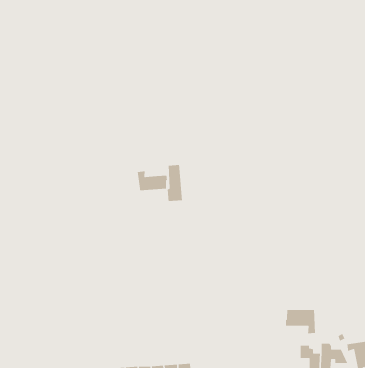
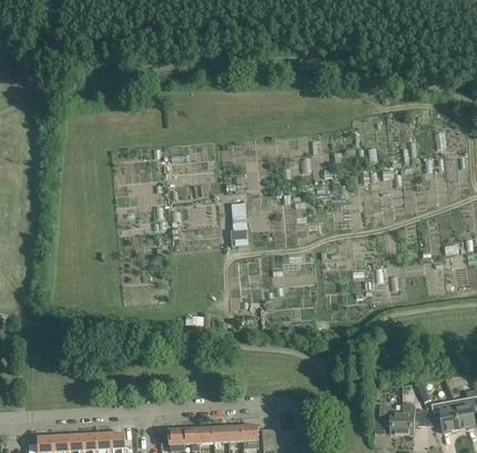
building: [137,170,168,191] -> none
building: [285,309,316,334] -> none

